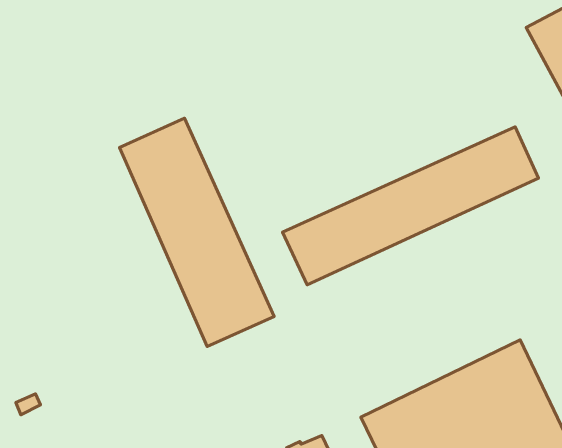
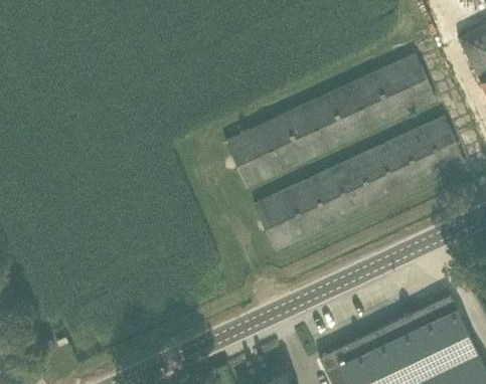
building: none -> [229,56,437,185]
building: [119,118,274,346] -> none

